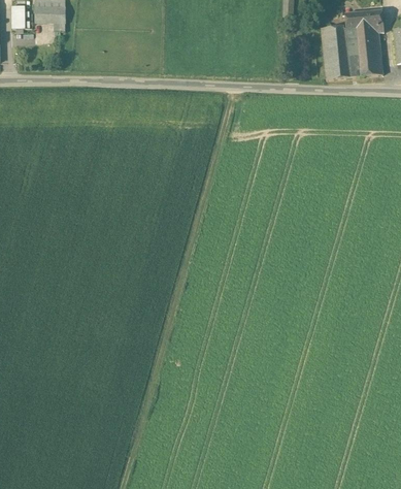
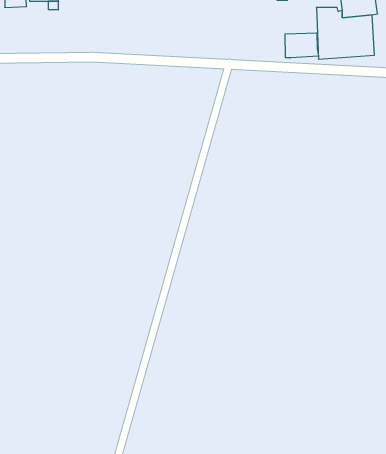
building: none -> [285,33,318,58]

